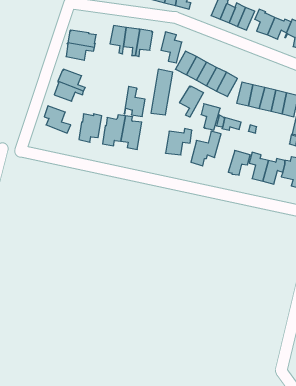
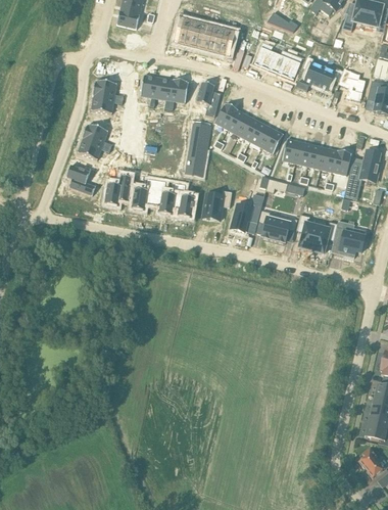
building: [180,86,203,117] -> none
building: [124,86,145,116] -> [171,183,194,217]
building: [201,104,220,130] -> [258,210,280,239]

